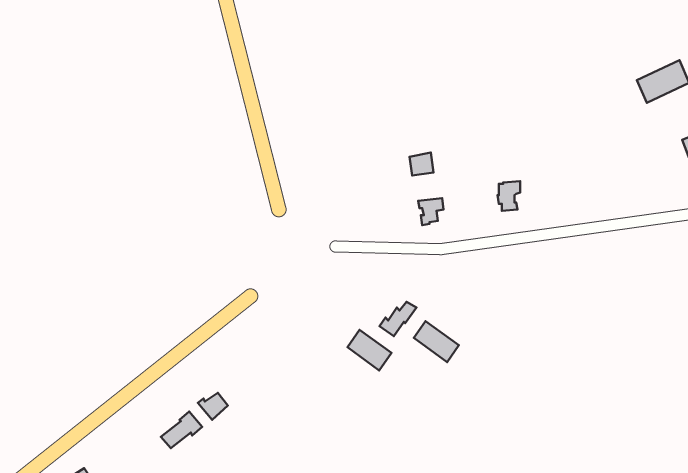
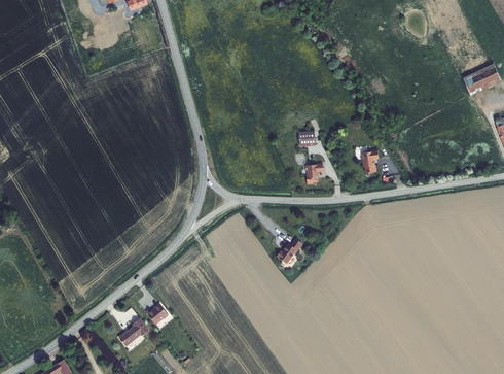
building: [414,321,459,362] -> none
building: [347,330,391,370] -> none

